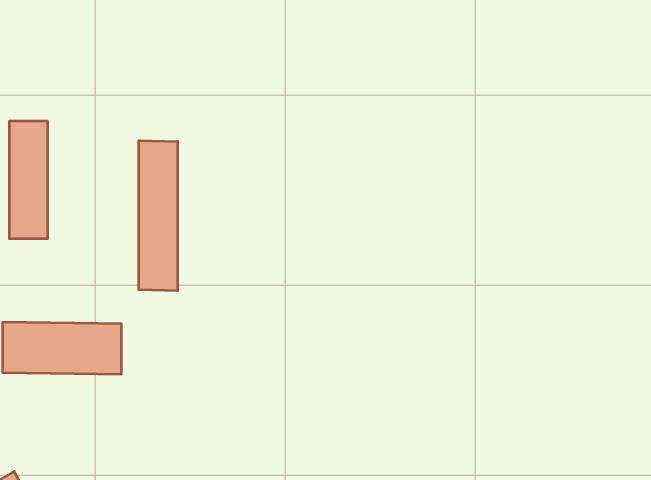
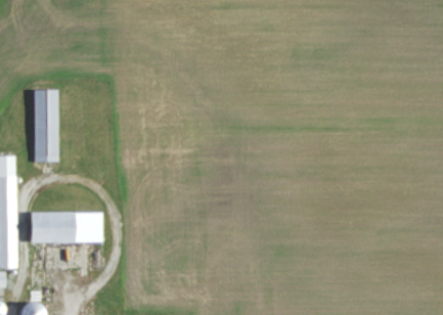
building: [139,141,178,291] -> none

